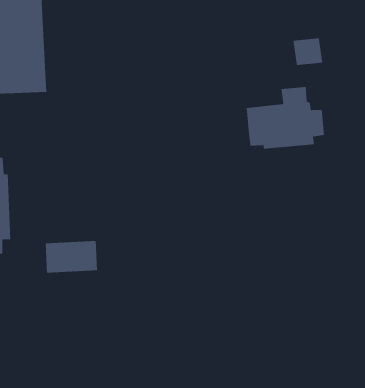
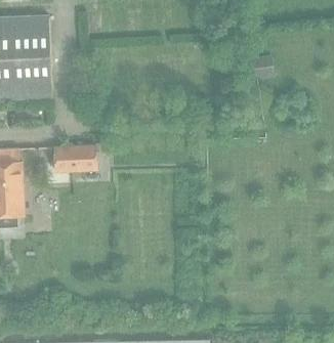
building: [246,86,325,150] -> none
building: [45,240,98,273] -> [54,145,96,172]

